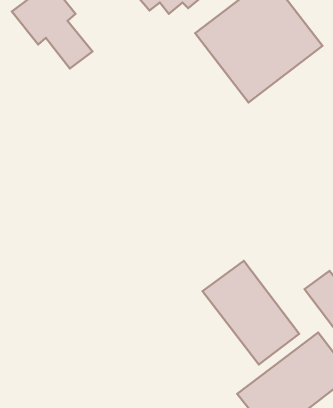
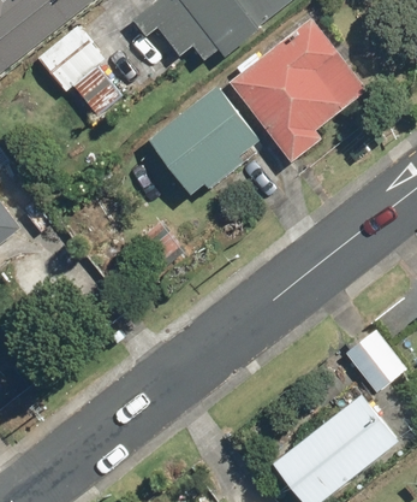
building: none -> [148,85,256,191]
building: [203,261,299,364] -> none

